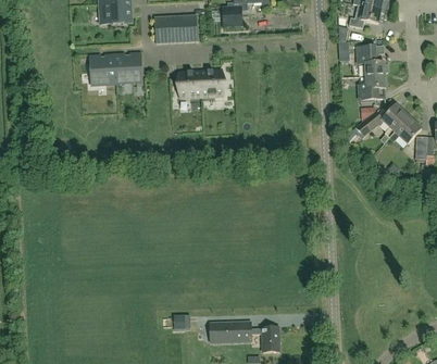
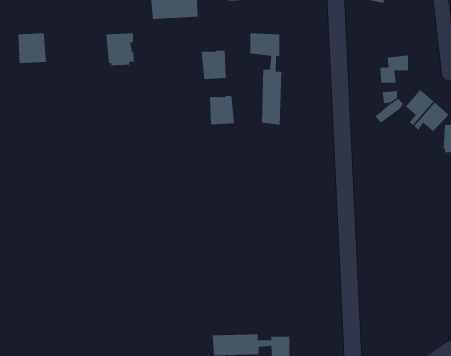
building: [357,46,388,76] -> none
building: none -> [250,32,282,126]
building: [91,55,117,83] -> [17,33,47,63]
building: [179,70,202,97] -> [209,94,235,125]

